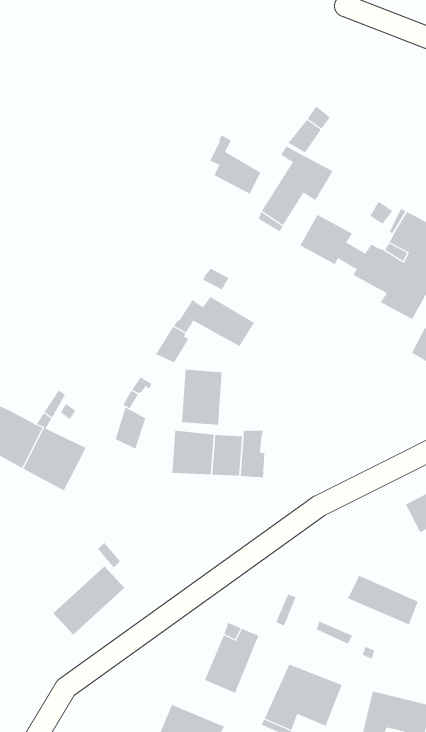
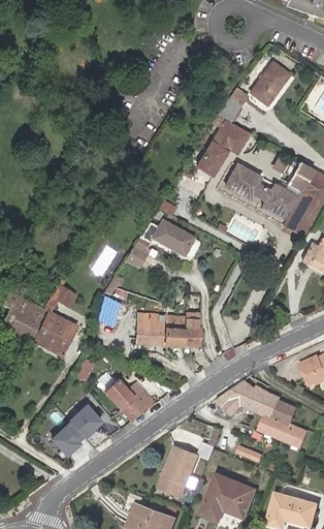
building: none -> [250,62,289,105]
building: [209,134,261,194] -> none
building: [181,369,222,426] -> none
building: none -> [216,380,298,425]
building: none -> [108,382,153,421]

